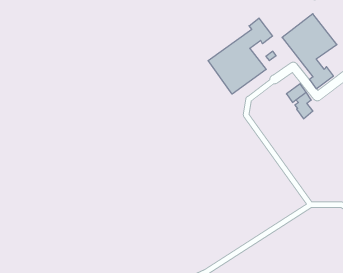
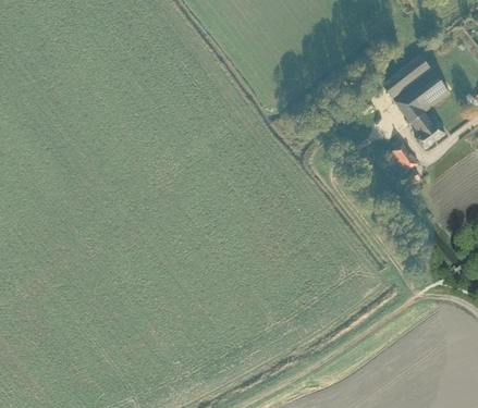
building: [208,18,273,94] -> none

